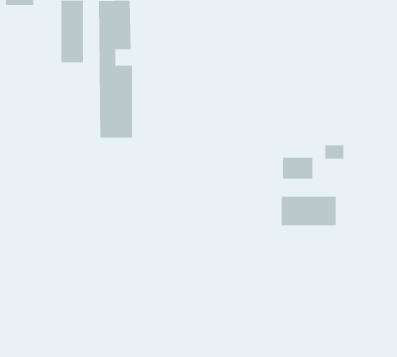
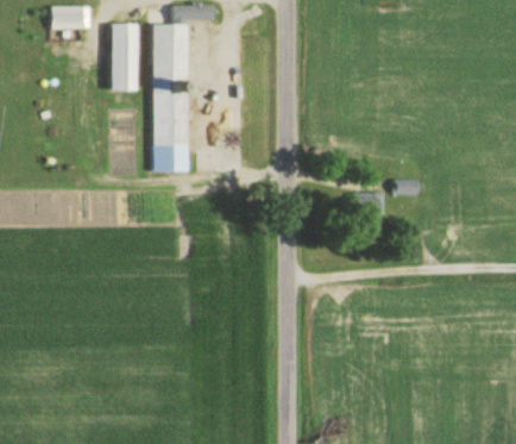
building: [281,196,336,226] -> none

